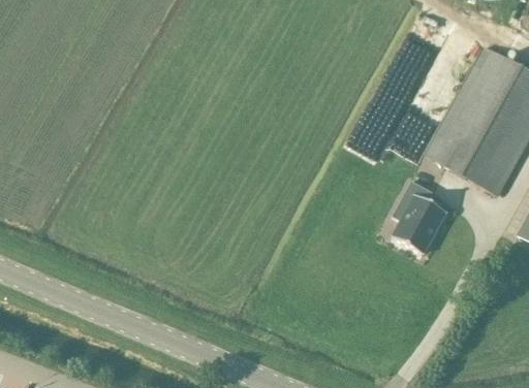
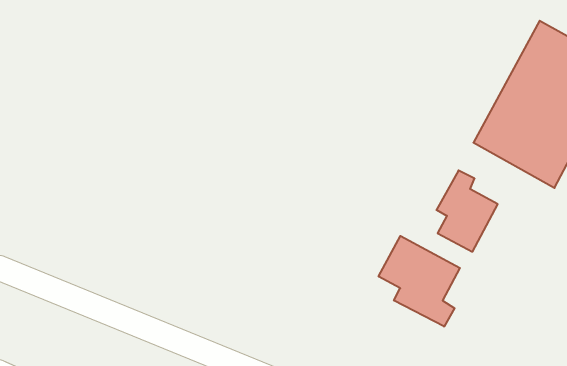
building: none -> [379,236,460,327]

